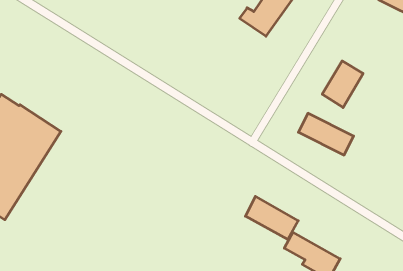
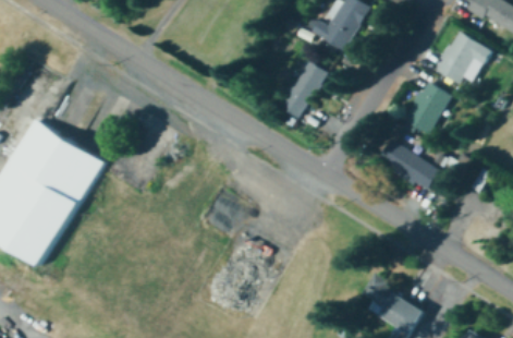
building: none -> [435,31,491,84]
building: none -> [280,63,326,120]
building: [245,196,298,240] -> none

